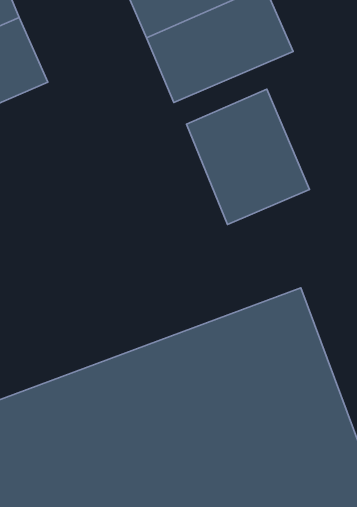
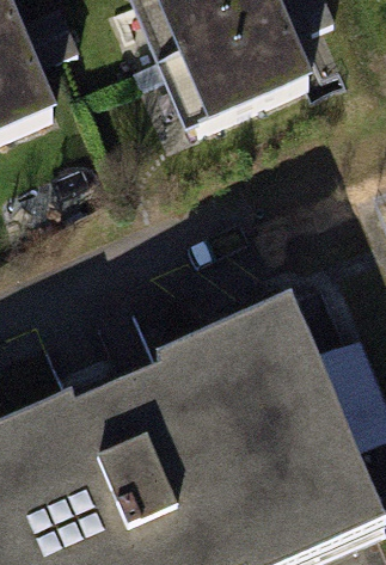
building: [187,89,310,224] -> none

